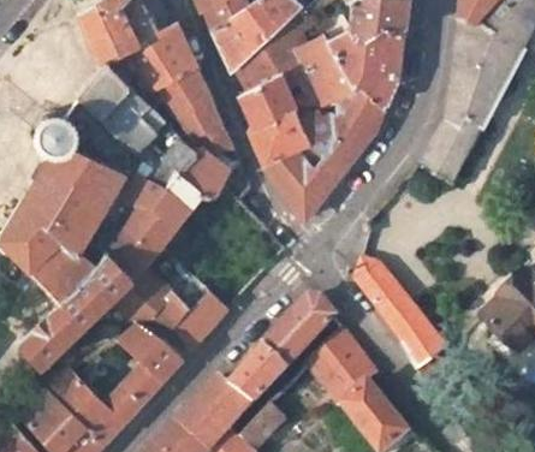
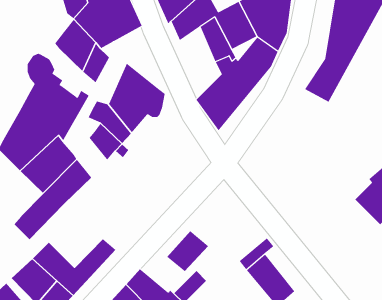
building: [159,73,234,159] -> none
building: [242,75,305,174] -> none
building: [106,226,150,280] -> none
building: [355,254,445,371] -> none
building: [118,278,231,347] -> none
building: [263,299,337,374] -> none
building: [118,325,183,379] -> none
building: [309,337,368,394] -> none
building: [195,377,256,436] -> none

